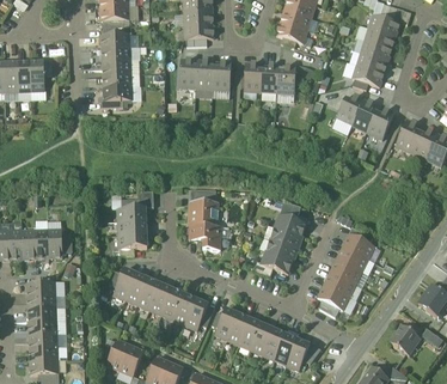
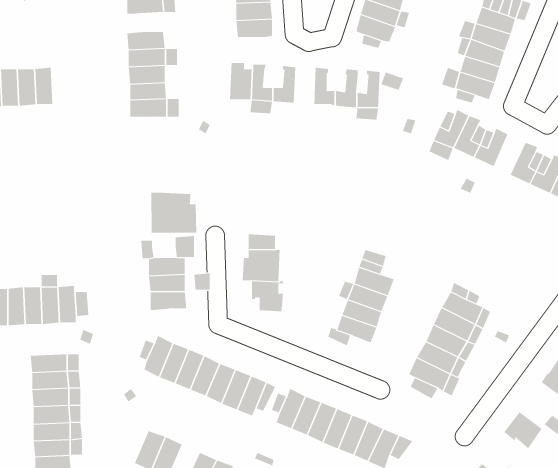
building: none -> [151,192,197,234]

